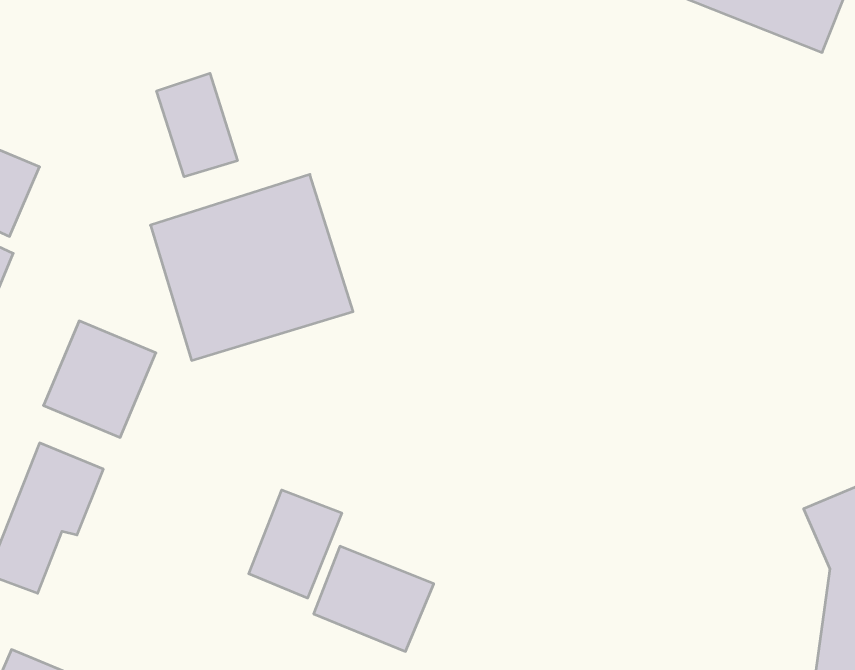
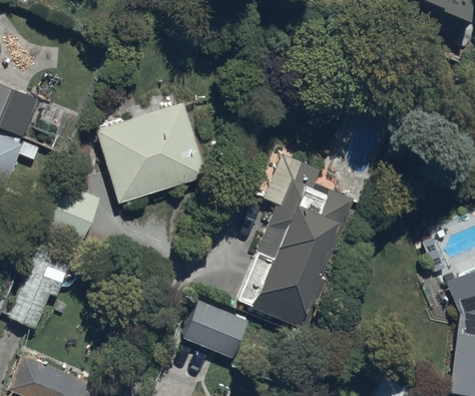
building: [157,73,237,177] -> none
building: none -> [238,153,354,329]
building: [249,490,342,598] -> none

